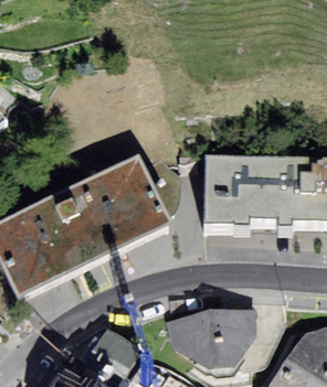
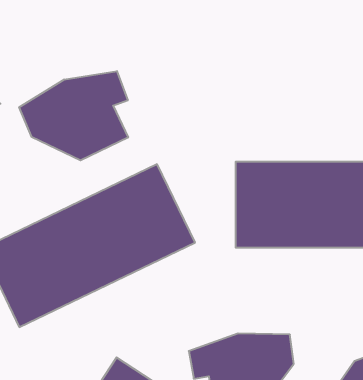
building: none -> [19,71,128,160]

